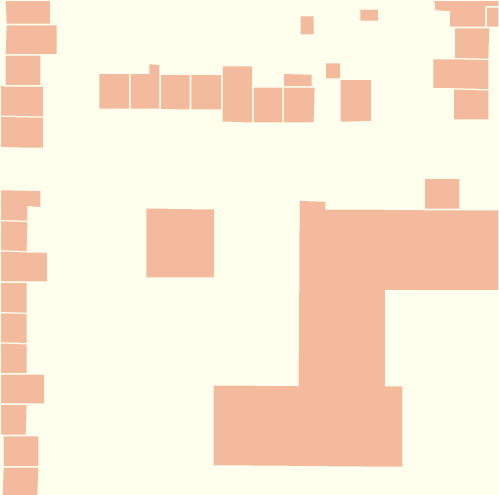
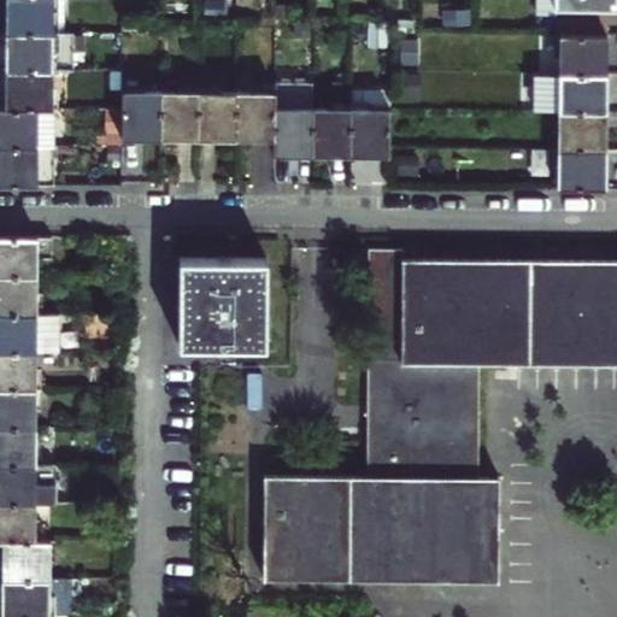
building: [340,79,372,123] -> none
building: [424,178,460,209] -> [559,153,604,192]

